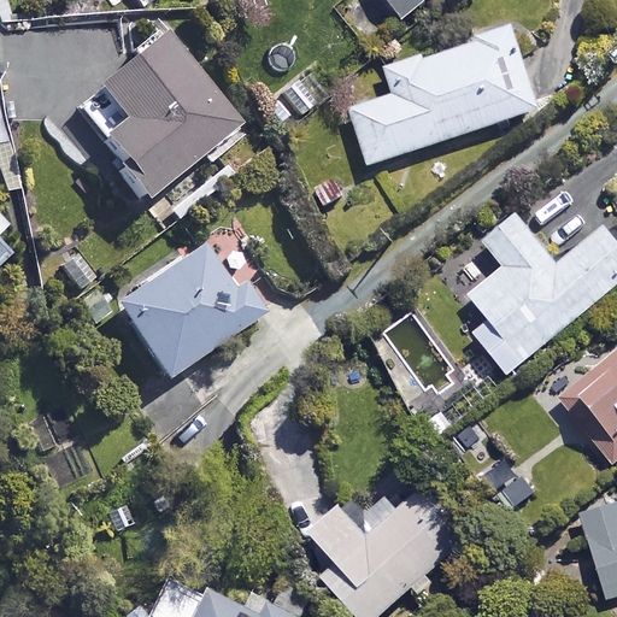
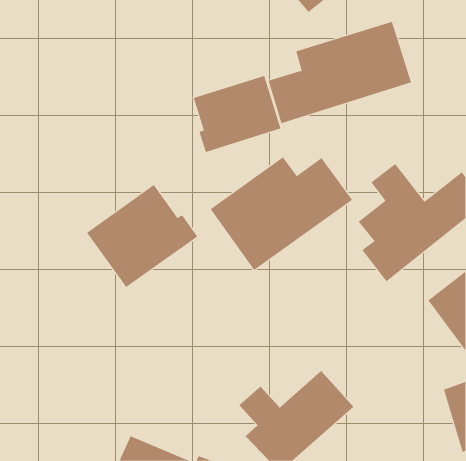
building: [78,35,239,201] -> none
building: none -> [193,75,281,153]
building: none -> [210,156,353,271]

